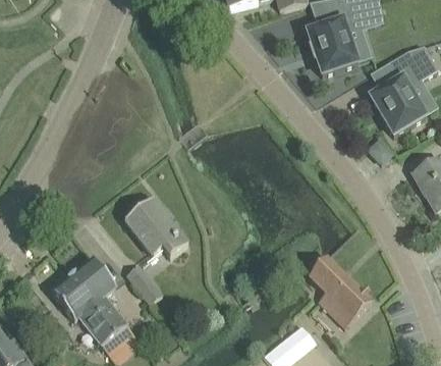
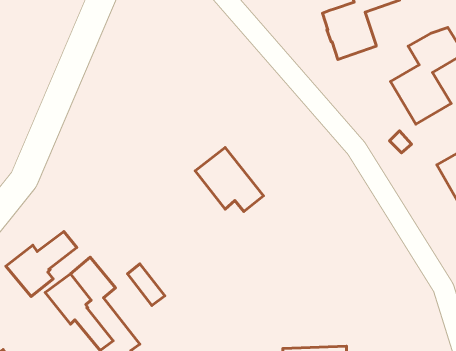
building: [124,197,187,256] -> [195,148,264,211]
building: none -> [6,232,77,296]
building: [307,255,371,326] -> none

